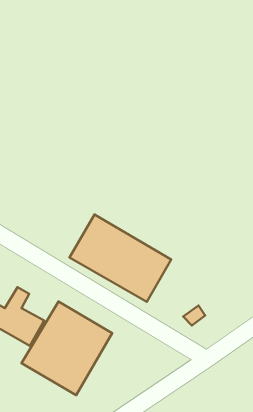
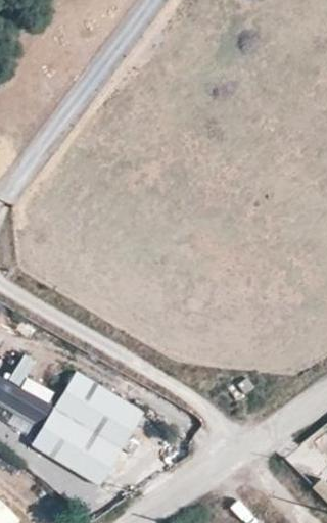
building: [70,215,171,302] -> none

